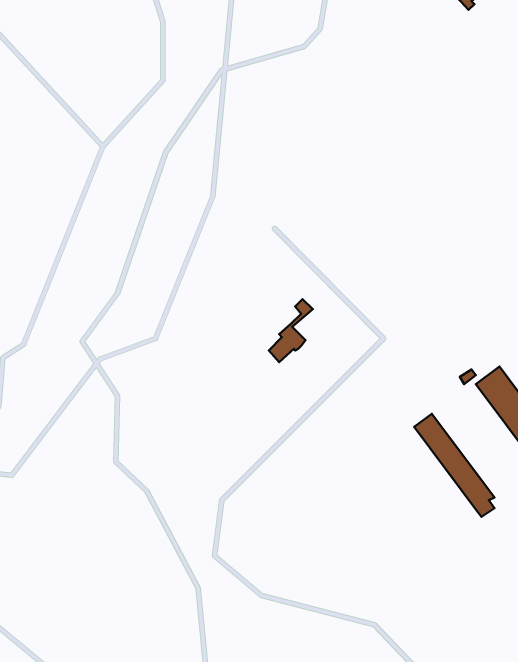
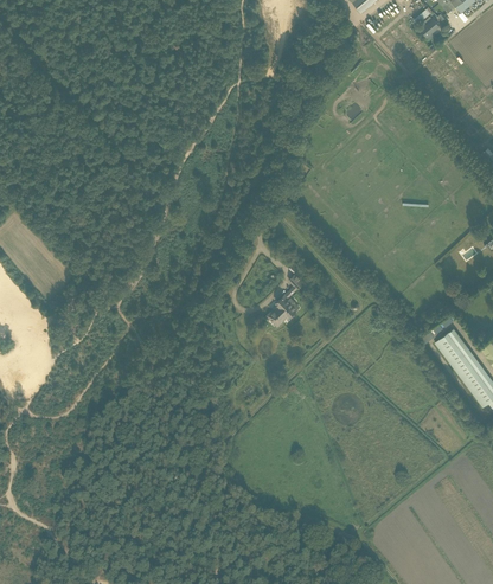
building: [414,414,495,517] -> none

